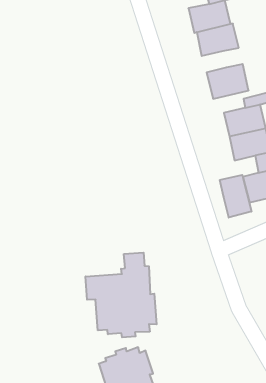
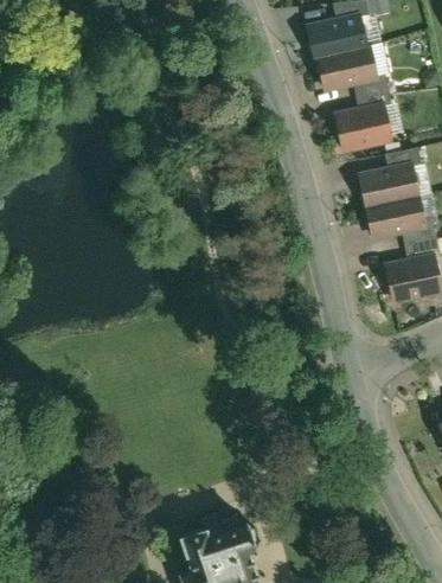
building: none -> [357,78,392,109]
building: [220,175,251,218] -> none
building: [86,253,157,337] -> none

